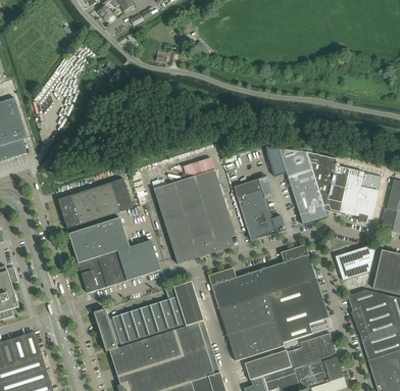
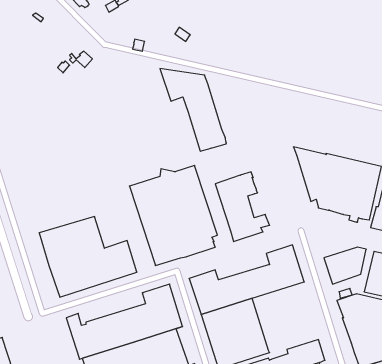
building: [264,146,327,224] -> [160,69,226,151]
building: [56,178,132,229] -> none
building: [267,279,329,343] -> none

